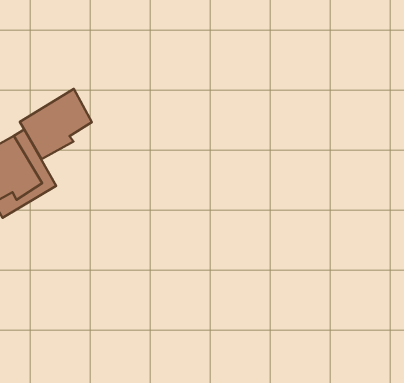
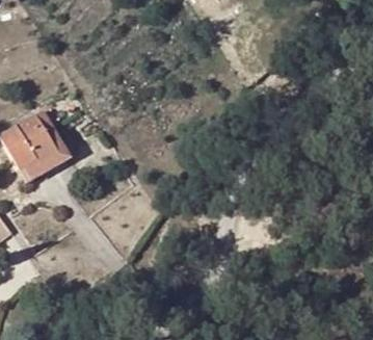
building: [20,89,92,159] -> none

